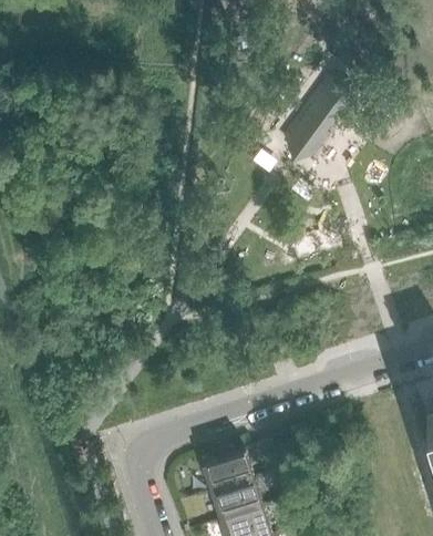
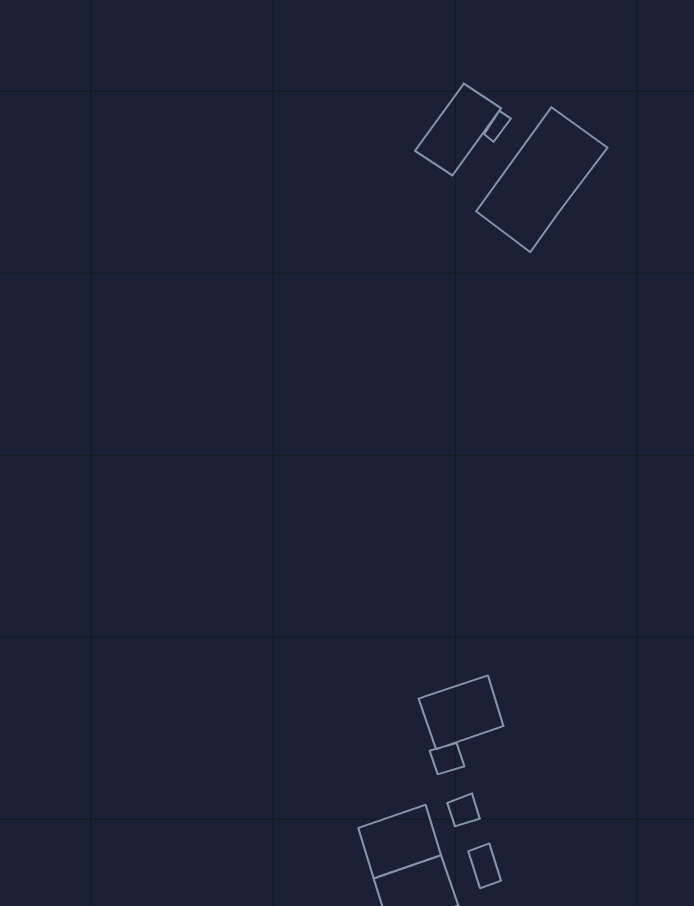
building: none -> [415,83,501,176]
building: [202,446,250,488] -> [418,676,504,749]

